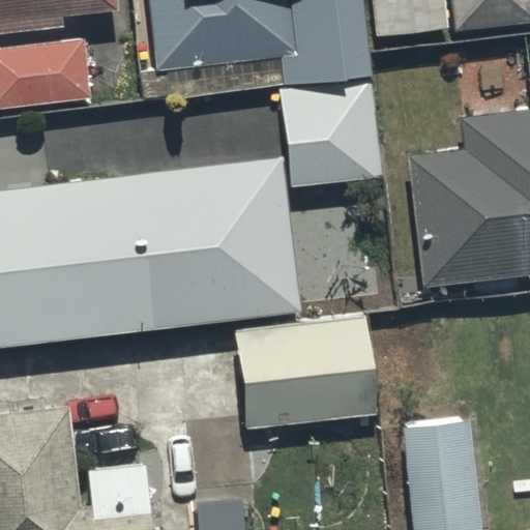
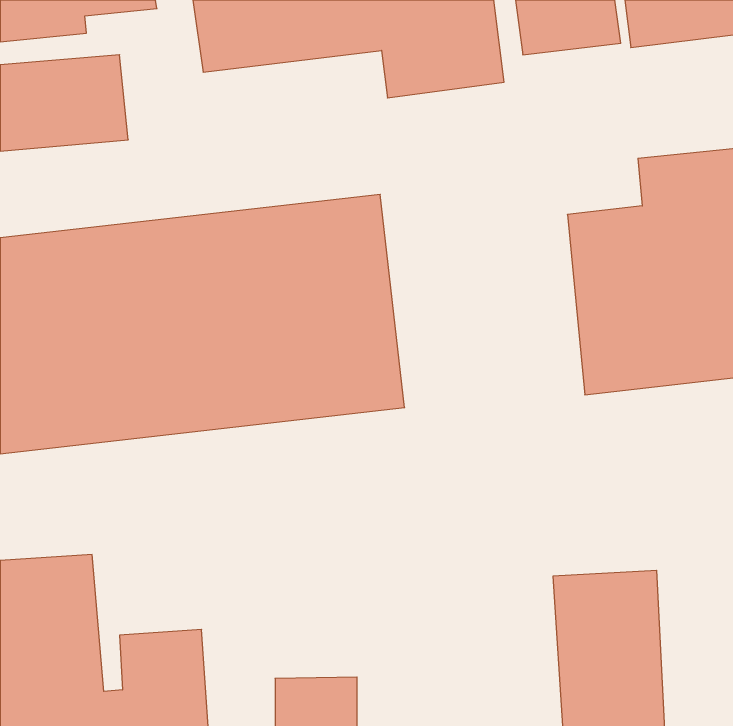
building: [281,66,386,198] -> none
building: [229,312,367,423] -> none

